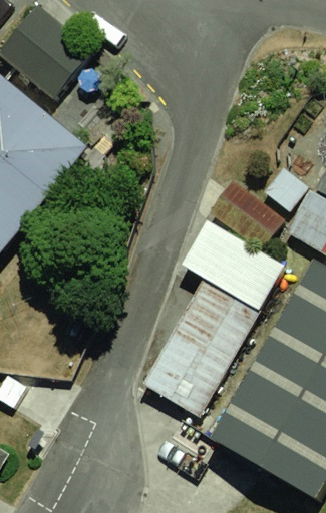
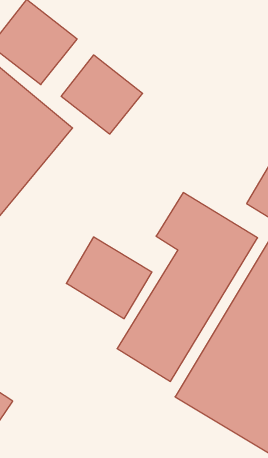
building: none -> [61,55,143,134]
building: none -> [66,237,152,319]

